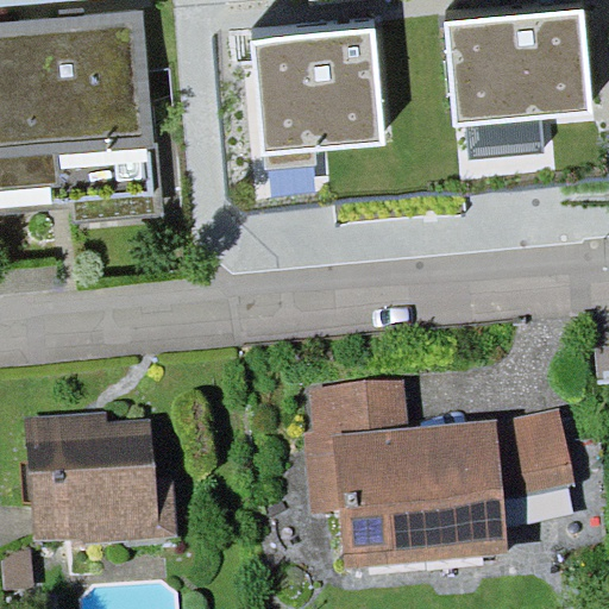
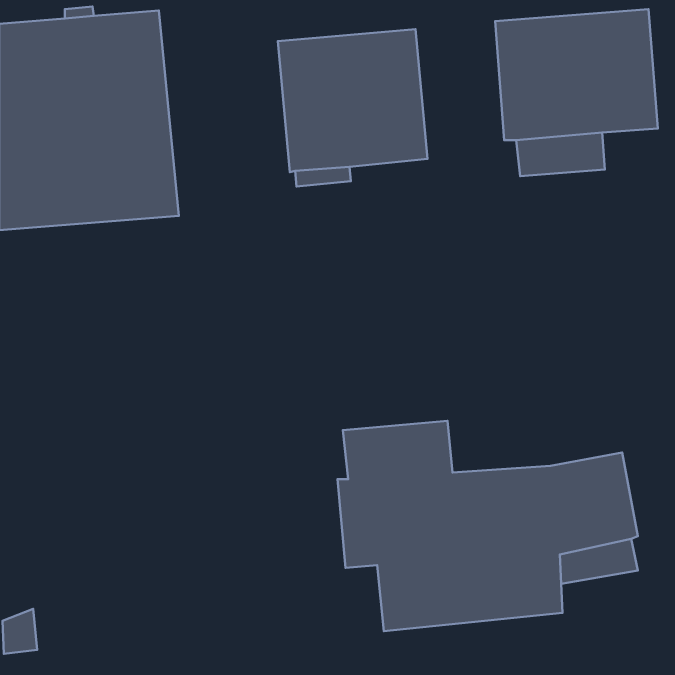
building: [21,409,176,544] -> none

